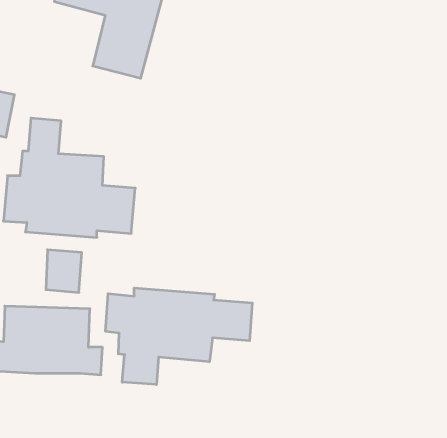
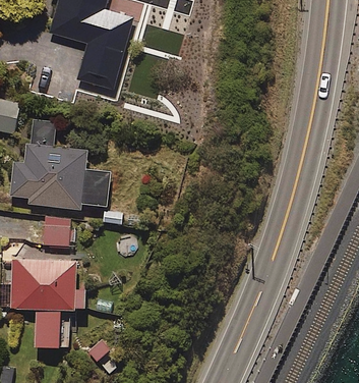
building: [106,288,252,385] -> none
building: none -> [35,309,69,346]

